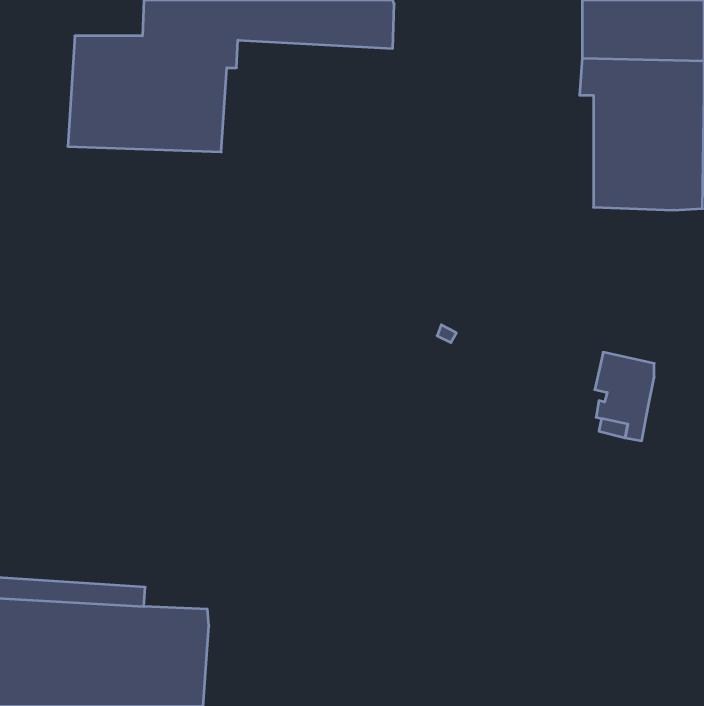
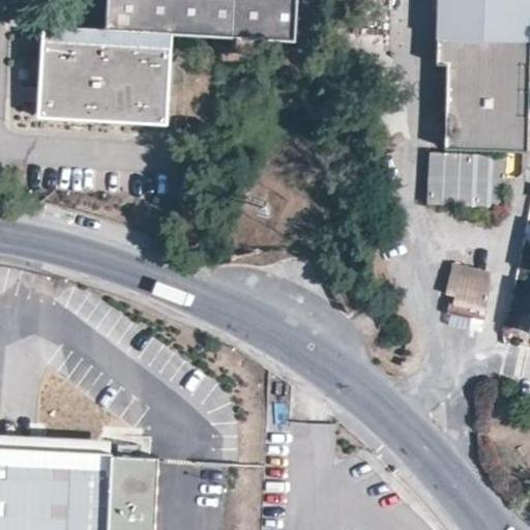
building: none -> [429,155,504,208]

